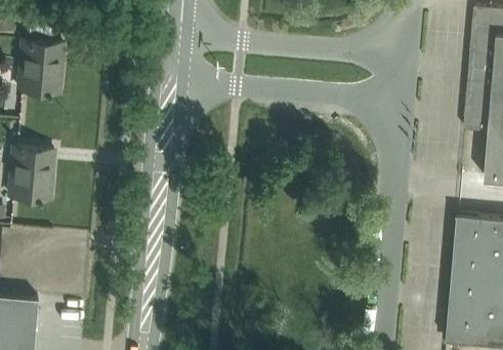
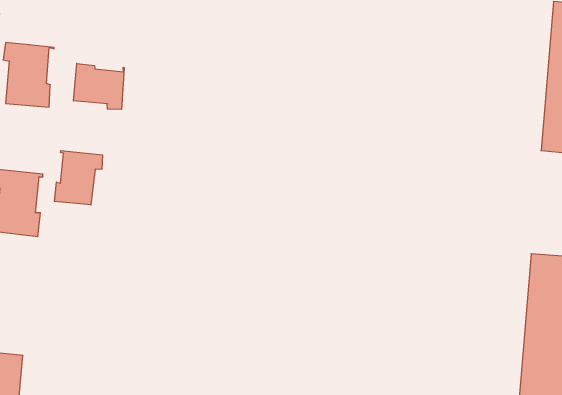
building: none -> [74,63,124,109]
building: none -> [55,151,103,205]

